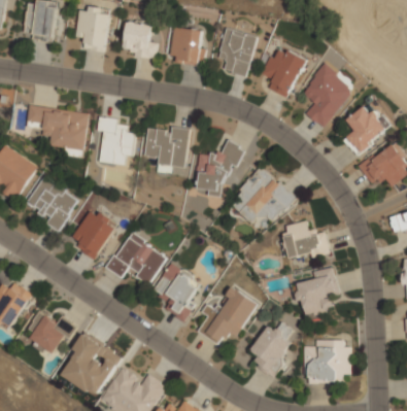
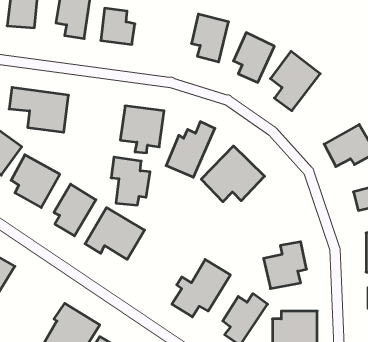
building: [169,26,207,66] -> none
building: [345,105,387,156] -> none
building: [96,115,137,166] -> [111,157,150,205]
building: [282,220,329,261] -> none
building: [155,263,204,320] -> none
building: [26,312,76,353] -> none

